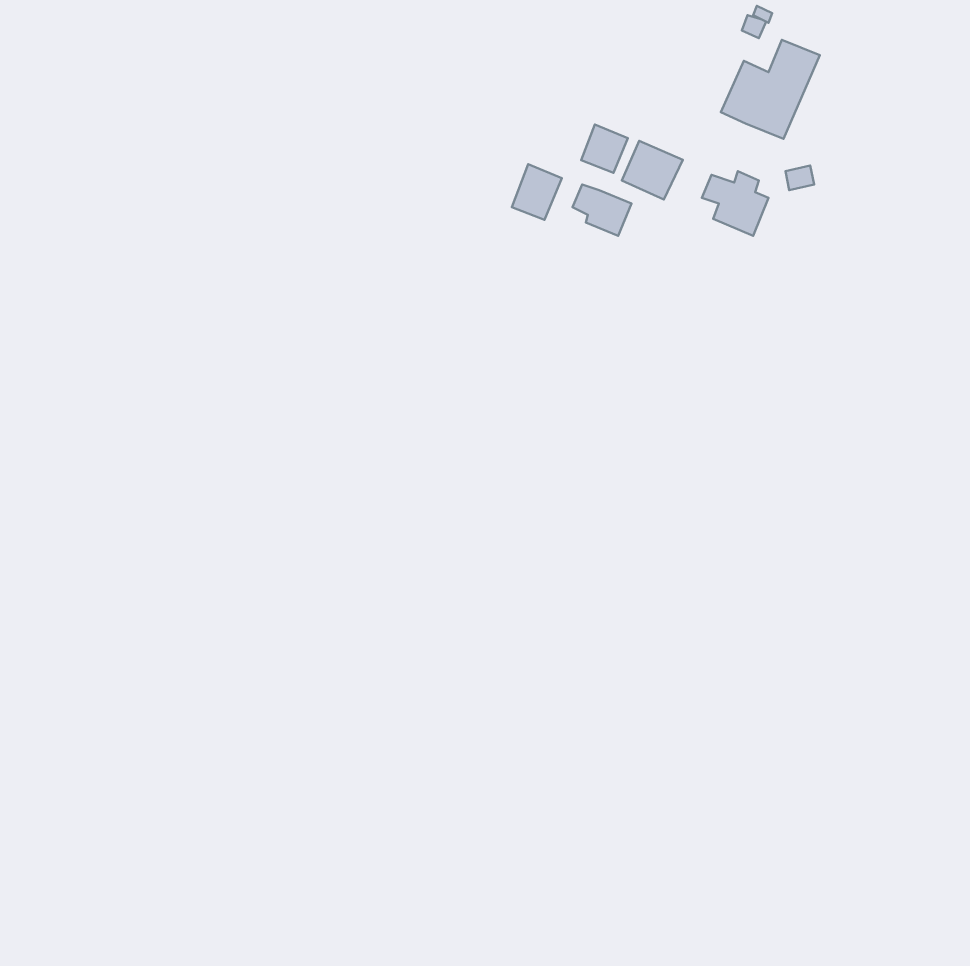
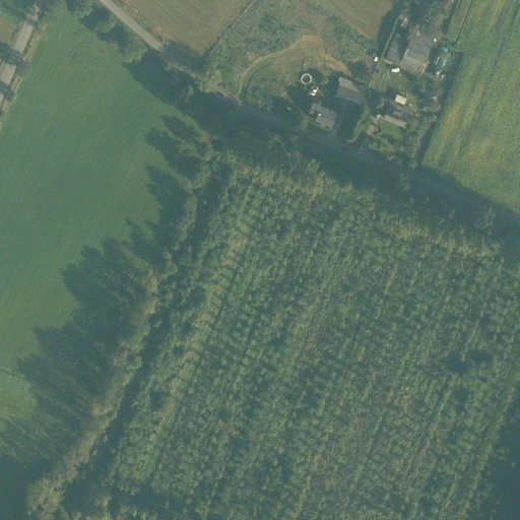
building: [581,124,628,173] -> none
building: [512,164,562,220] -> none

